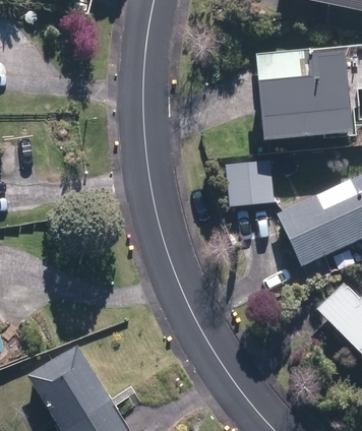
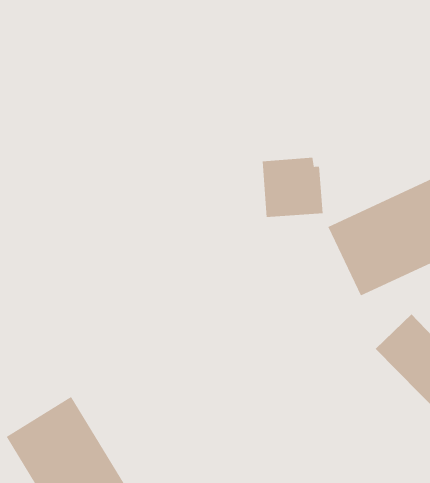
building: [255,51,352,141] -> none

